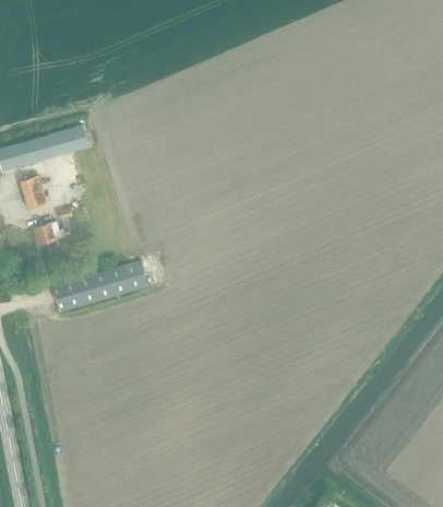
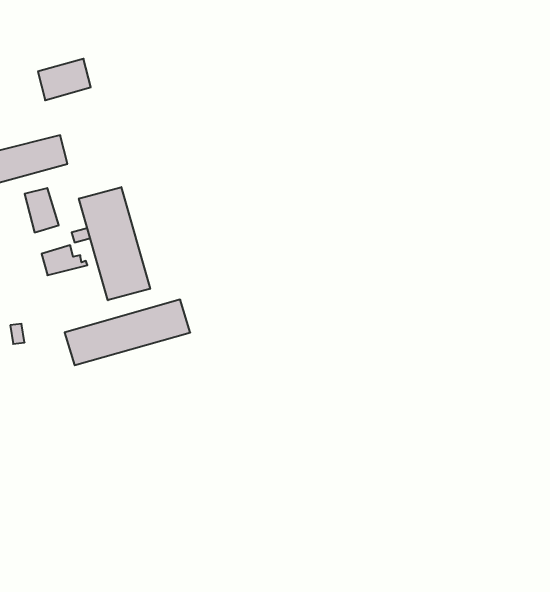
building: [48,126,88,157] -> [38,59,91,100]
building: none -> [79,187,150,300]

